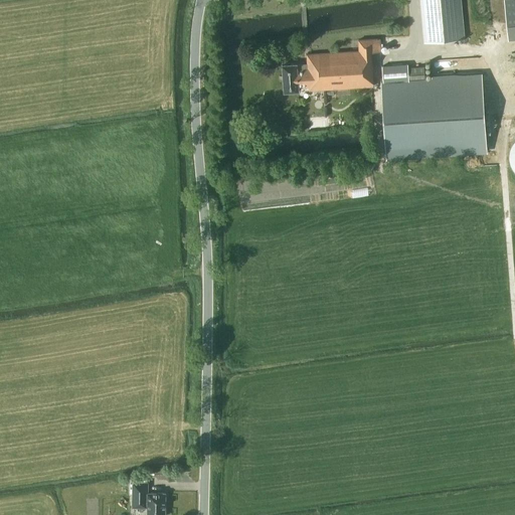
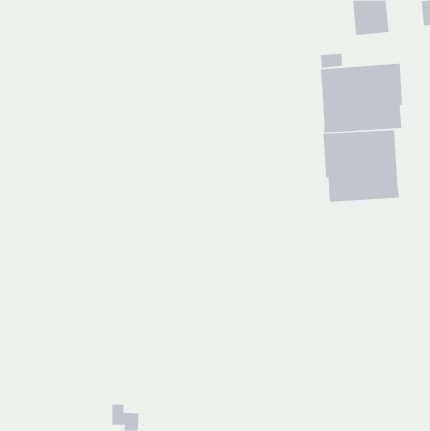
building: [284,37,394,93] -> none
building: none -> [323,129,400,203]

